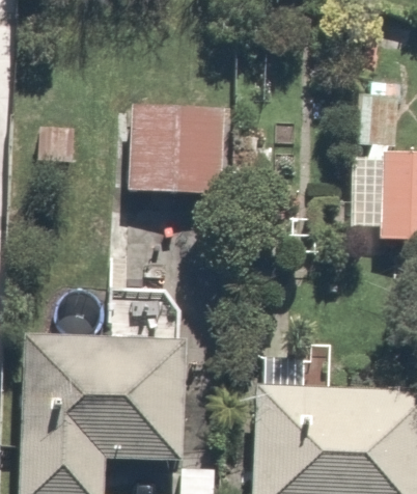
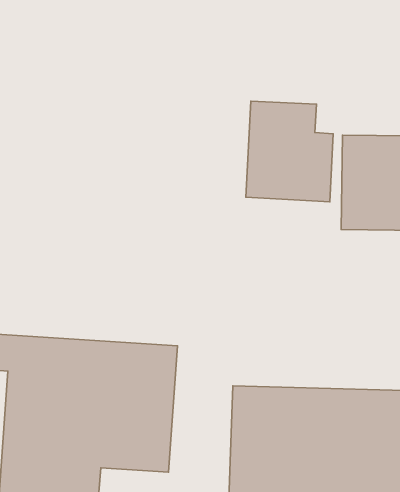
building: [123,106,227,190] -> none
building: none -> [246,101,333,202]

